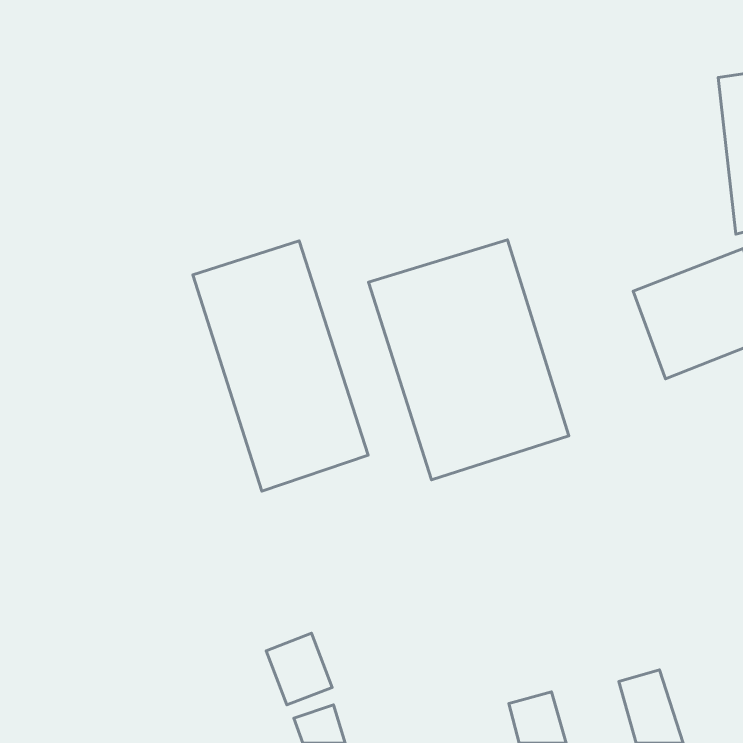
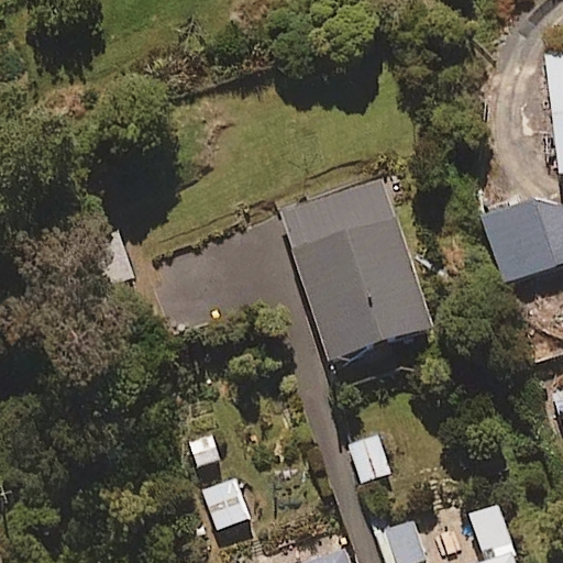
building: [193,241,368,491] -> none

